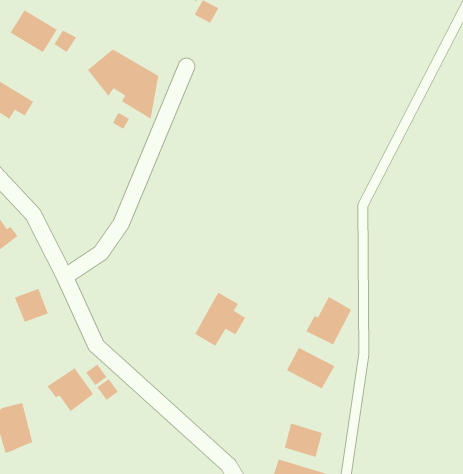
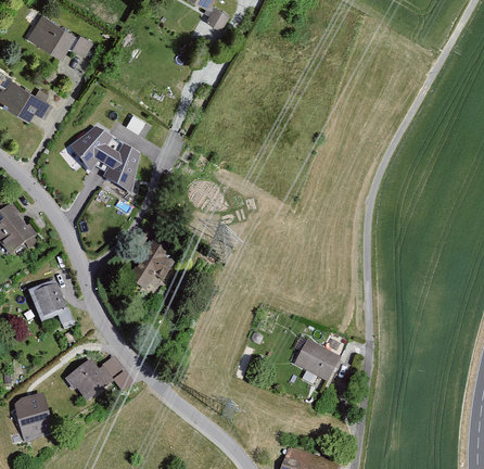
building: [87,49,159,120] -> [69,126,139,194]
building: [194,291,246,347] -> [125,240,175,293]
building: [305,296,352,345] -> none
building: [284,423,323,458] -> none

